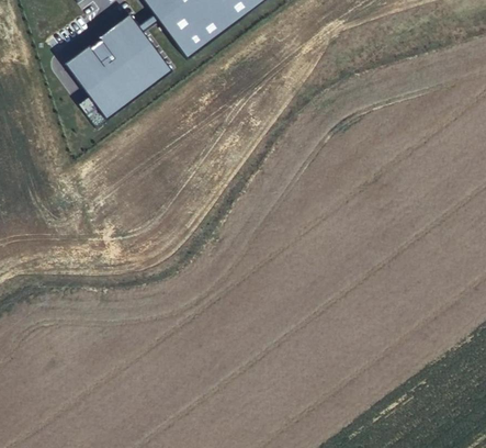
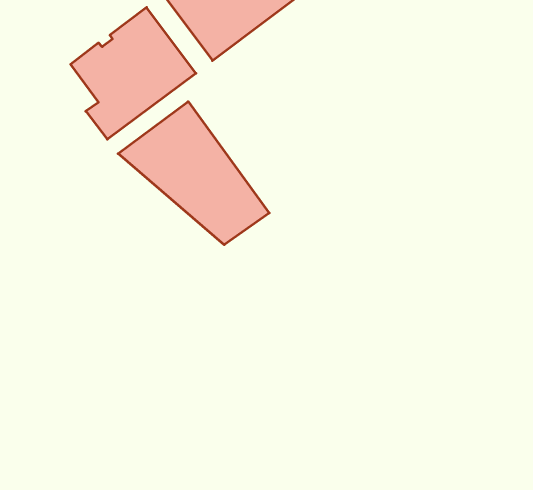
building: none -> [118,102,269,245]

